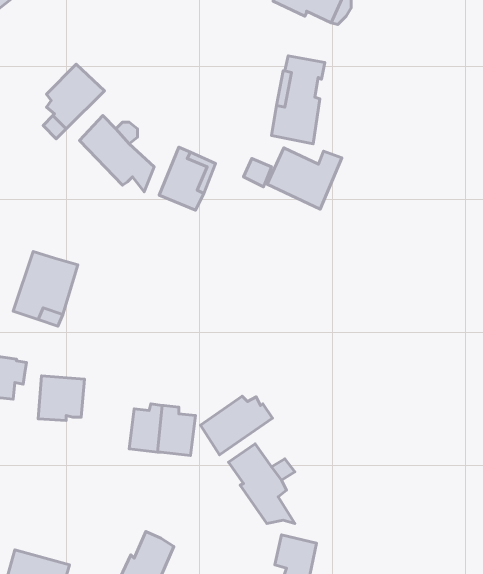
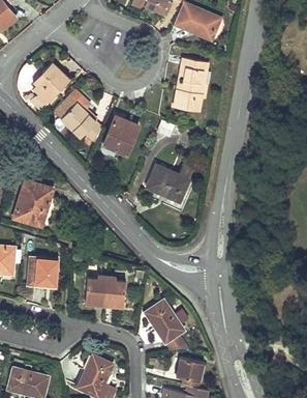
building: [267,148,342,209] -> [147,165,193,203]
building: [201,396,272,455] -> none

